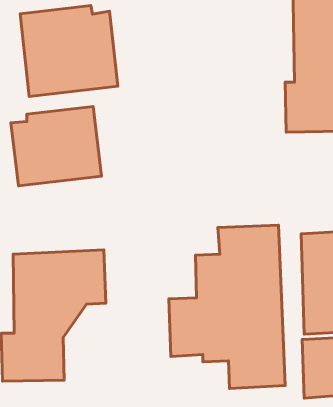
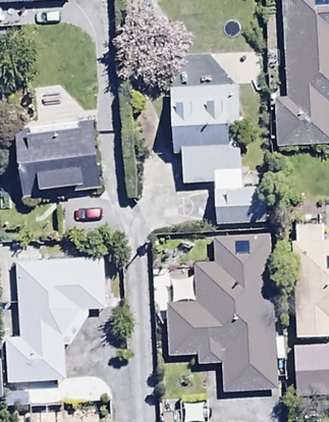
building: [20,6,118,96] -> none
building: none -> [172,85,267,224]

